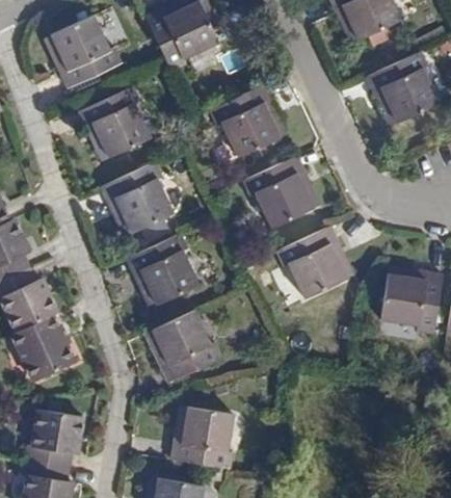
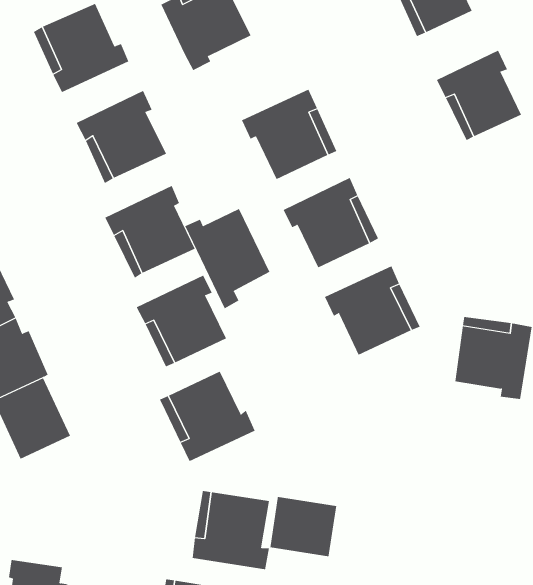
building: none -> [185,208,270,309]
building: [27,409,83,467] -> none
building: none -> [270,496,337,557]

